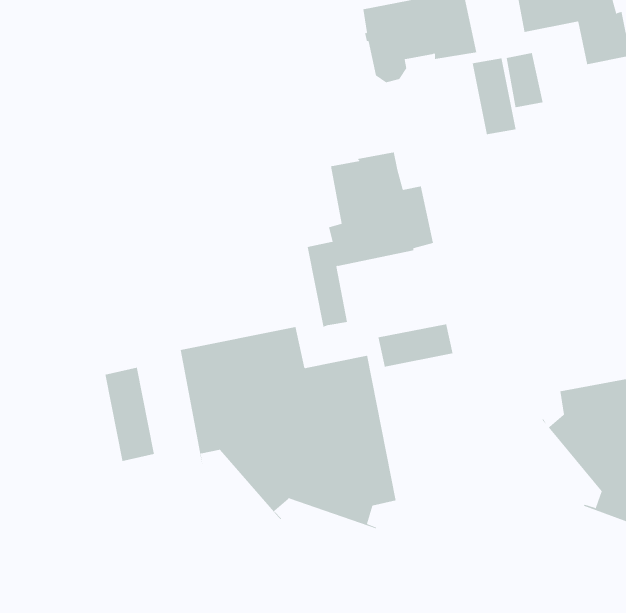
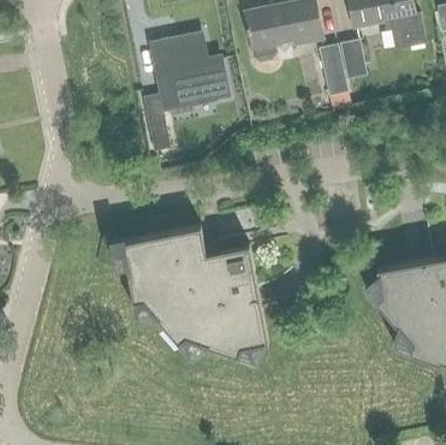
building: [307,152,434,327] -> [143,32,228,150]
building: [378,323,453,367] -> none
building: [105,367,154,462] -> none

